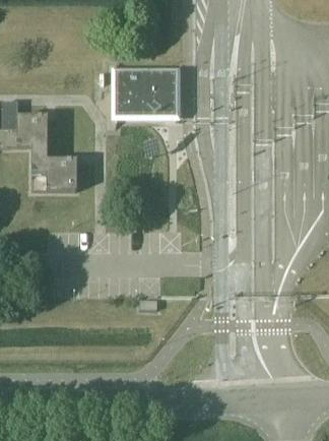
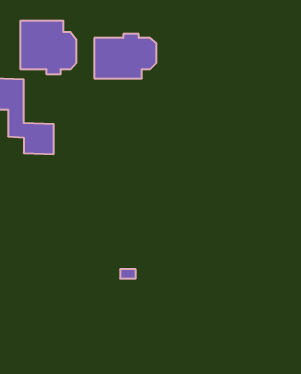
building: none -> [21,21,76,74]

